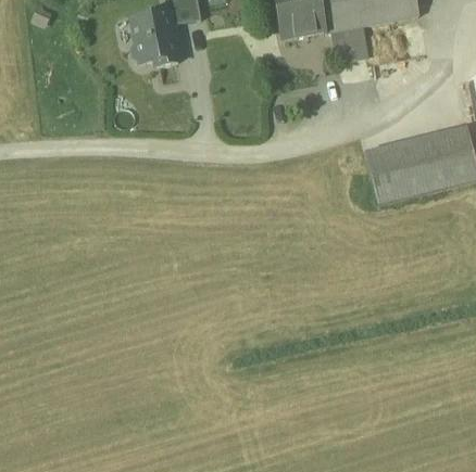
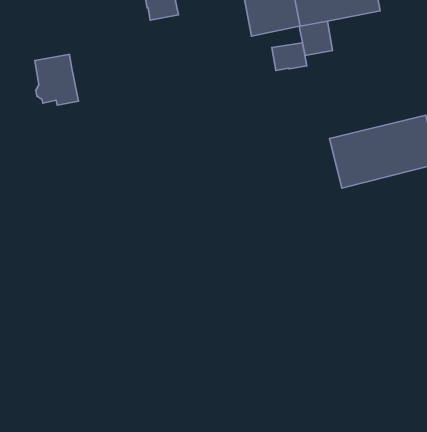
building: [134,10,180,64] -> [35,55,78,105]
building: none -> [272,43,307,70]

